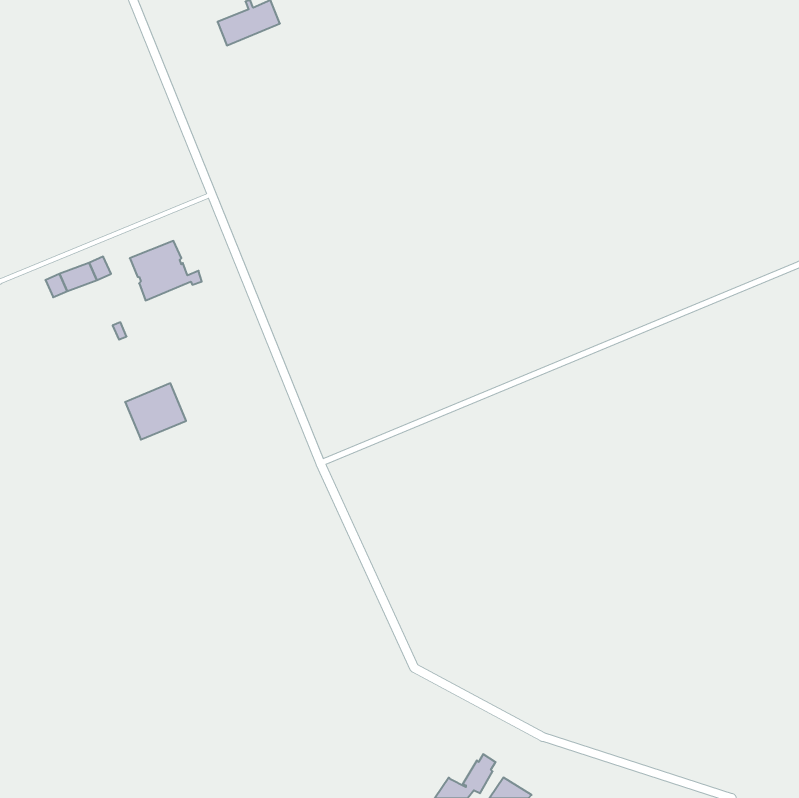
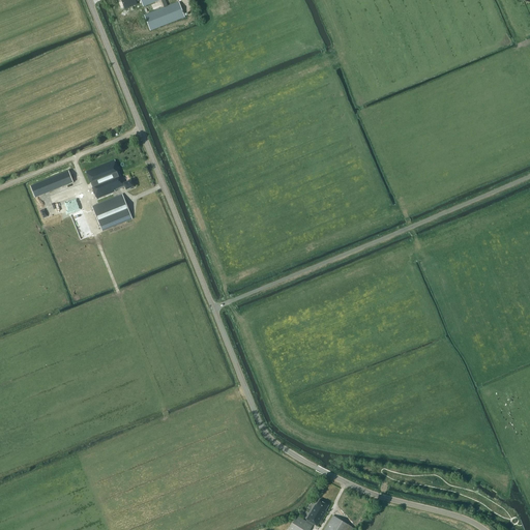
building: [125,383,186,440] -> [92,194,132,231]

